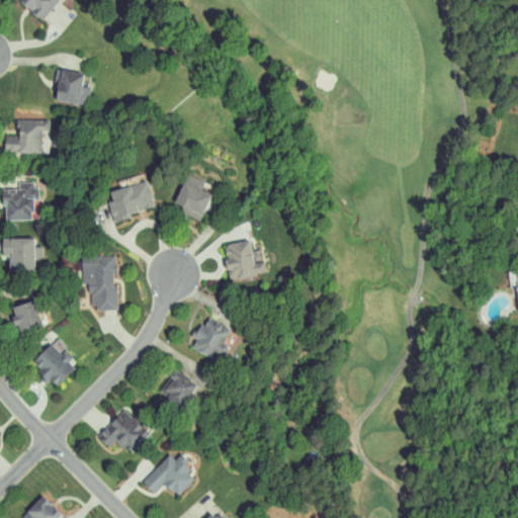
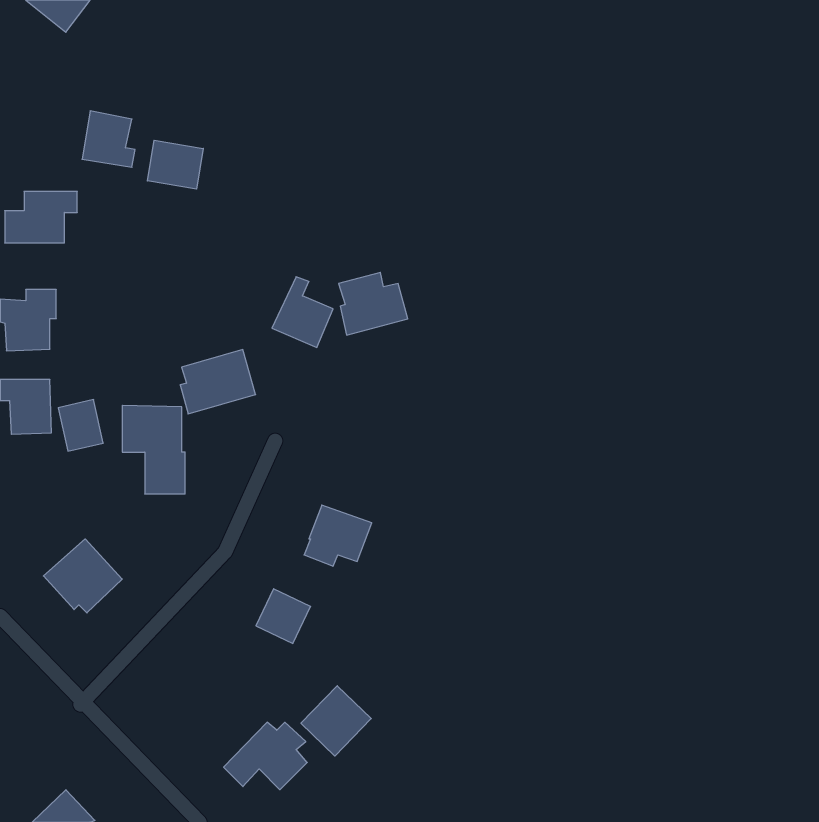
building: none -> [147,140,203,189]
building: [108,180,156,221] -> [180,350,256,414]
building: [225,239,268,278] -> [339,272,408,335]
building: [12,301,40,334] -> [58,400,103,451]
building: [97,409,150,453] -> none
building: none -> [301,686,371,756]

